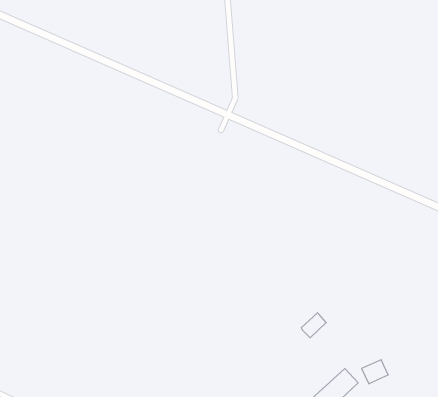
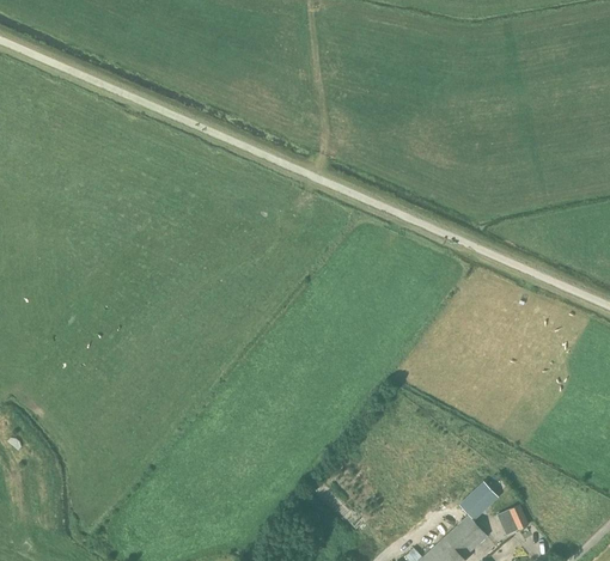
building: [301,313,326,338] -> [462,484,495,518]

